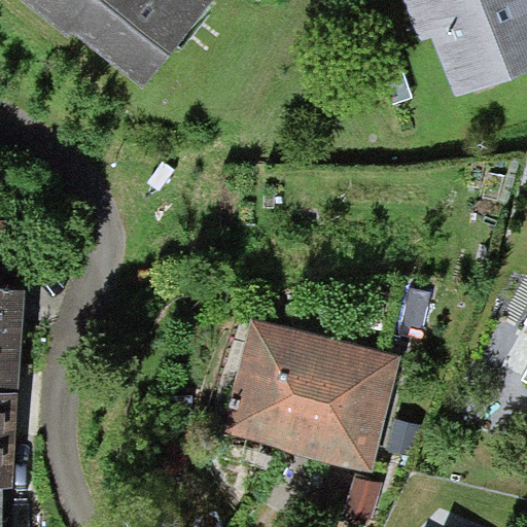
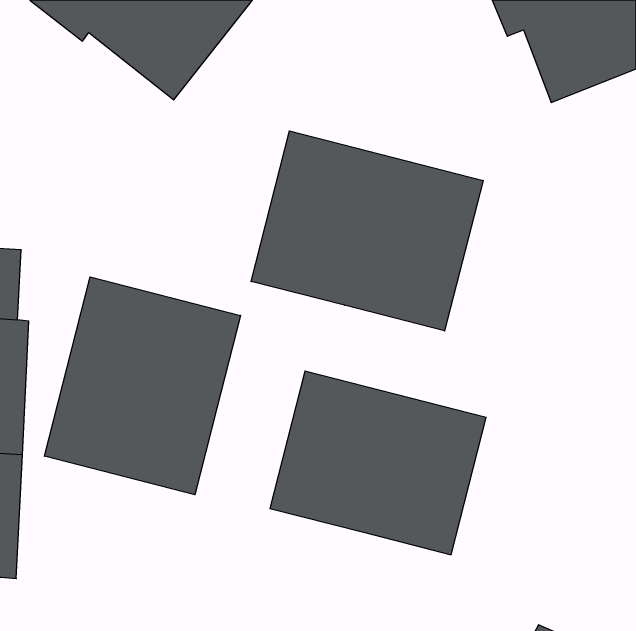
building: none -> [251,131,483,331]
building: none -> [44,277,241,495]

